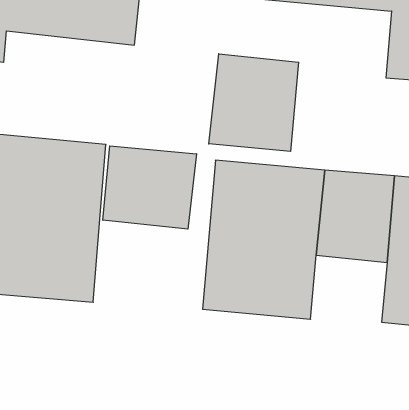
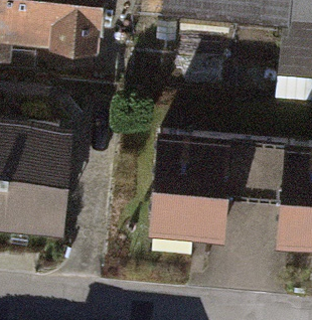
building: [209,54,299,151] -> none
building: [103,146,197,229] -> none

